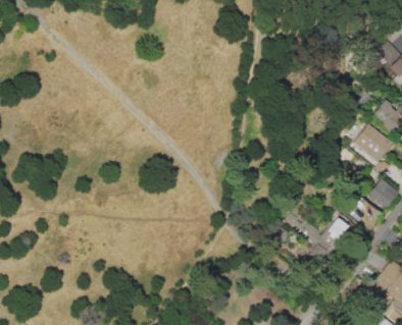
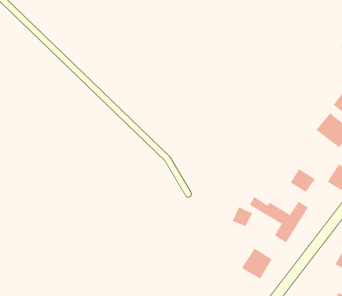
building: none -> [290,168,316,193]
building: none -> [241,248,273,279]

